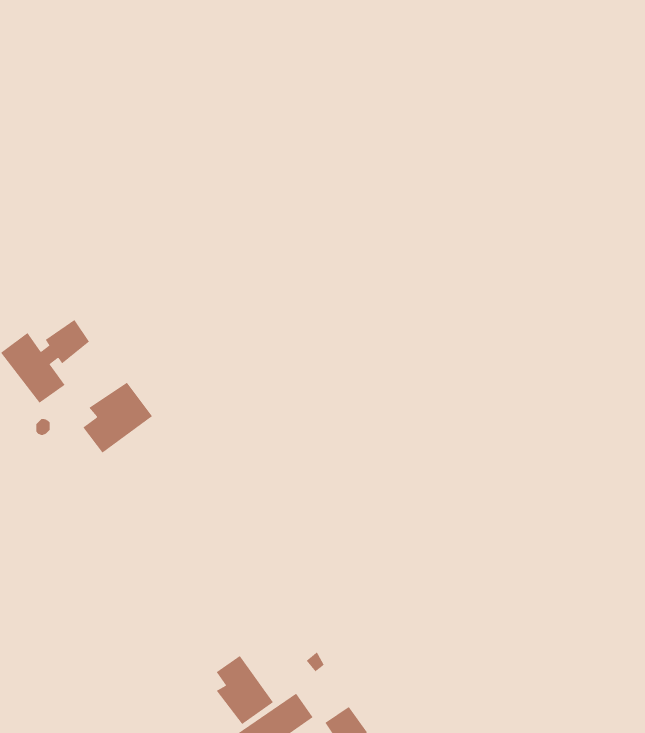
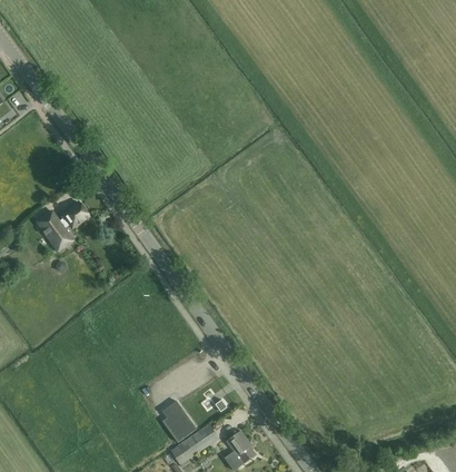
building: [82,382,153,453] -> none

